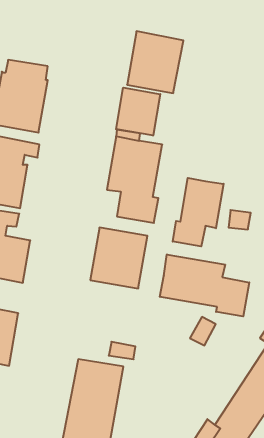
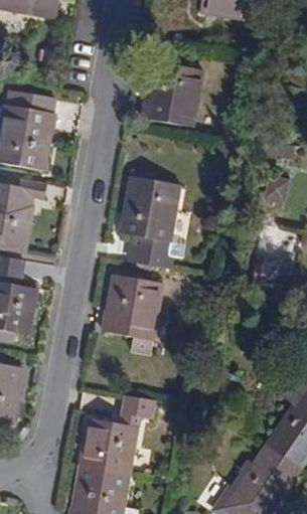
building: [116,88,160,136] -> none
building: [173,178,224,246] -> none
building: [160,254,249,316] -> none

